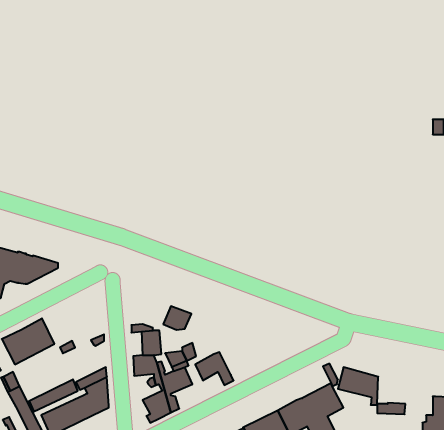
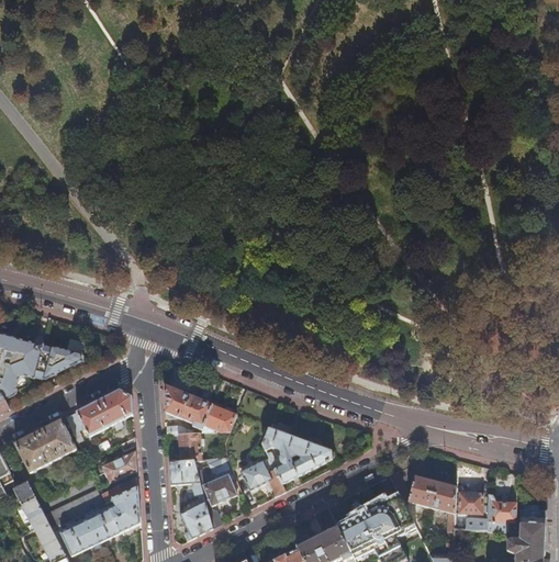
building: none -> [164,383,212,429]
building: none -> [66,389,132,438]
building: none -> [262,427,332,484]
building: none -> [101,450,136,482]
building: none -> [458,493,482,514]
building: none -> [485,494,515,531]

